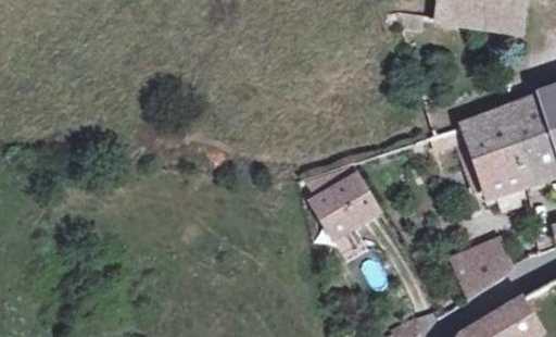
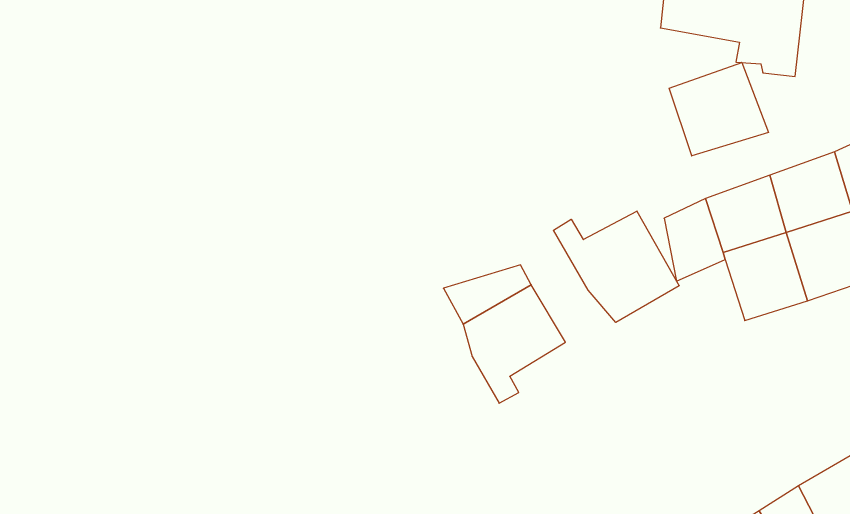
building: none -> [669,62,769,156]
building: none -> [553,211,679,322]
building: [453,237,509,296] -> none

